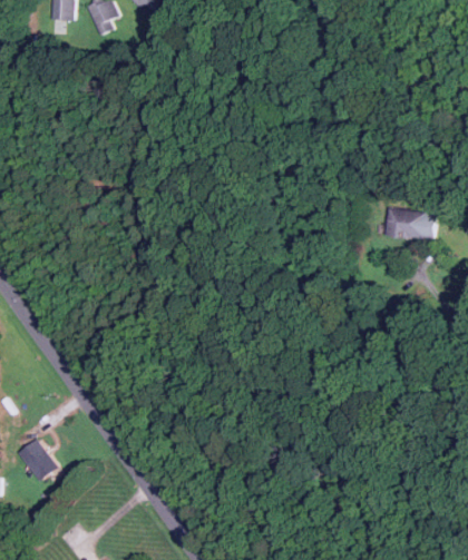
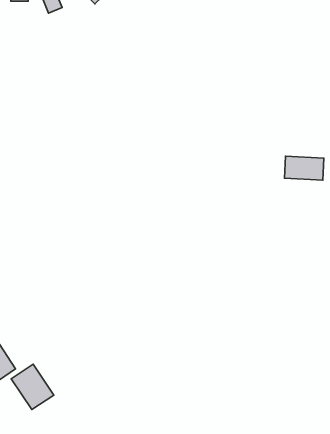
building: none -> [11,364,54,410]

